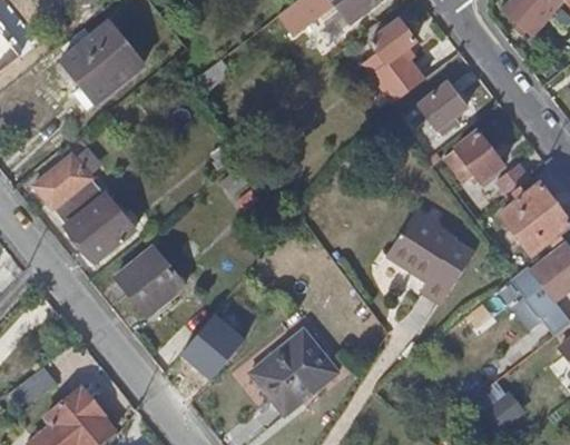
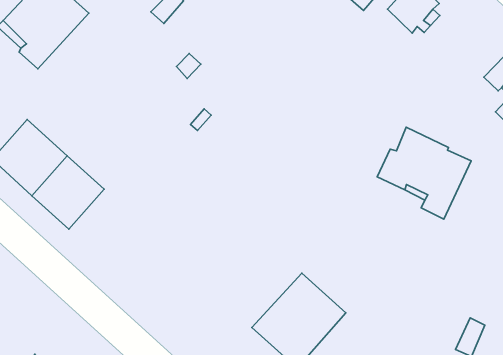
building: [444,130,502,182] -> none
building: [117,248,185,316] -> none
building: [179,313,243,377] -> none

